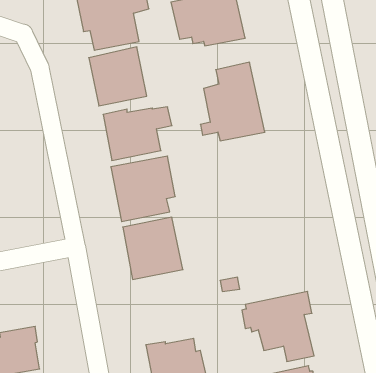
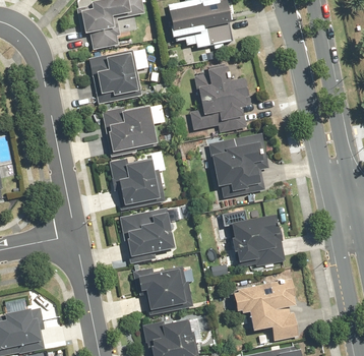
building: none -> [207,130,269,196]
building: none -> [216,212,276,270]
building: none -> [132,265,189,314]

